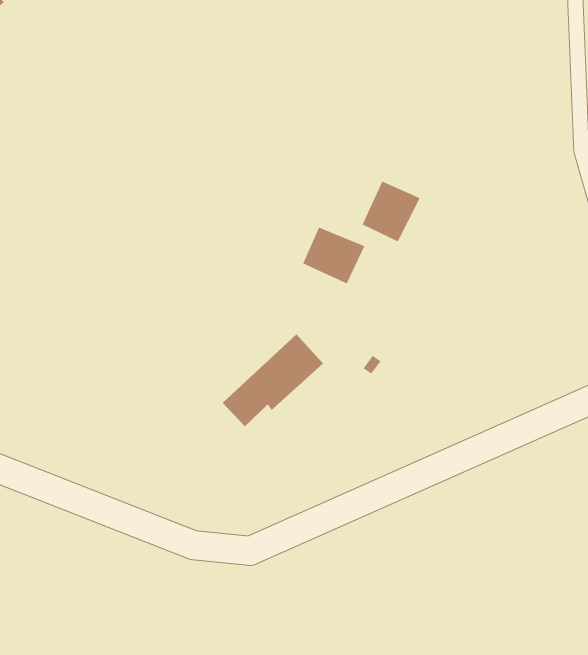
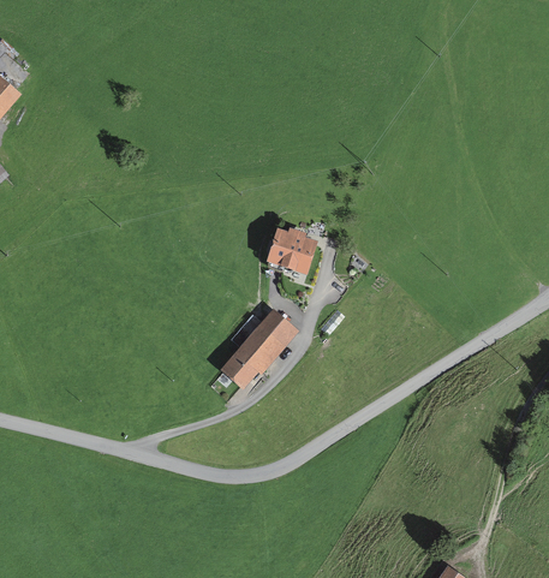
building: [361,180,421,242] -> none

